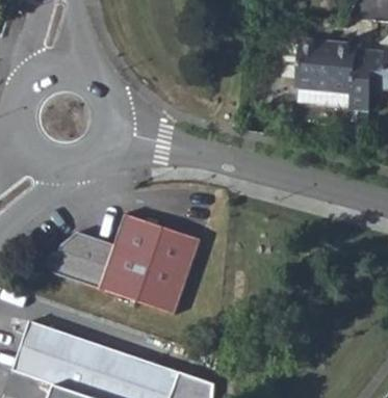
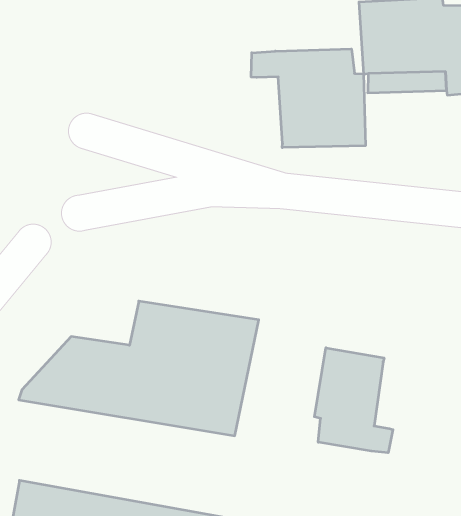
building: none -> [251,49,365,148]
building: none -> [314,348,393,453]

